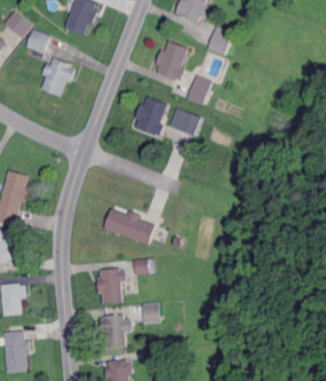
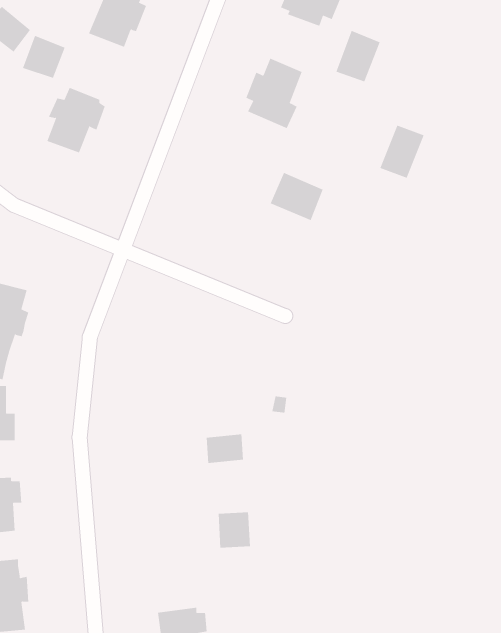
building: [186,74,212,105] -> [379,125,424,179]
building: [134,96,167,137] -> none
building: [104,208,156,244] -> none
building: [97,268,126,303] -> none
building: [100,314,126,349] -> none

